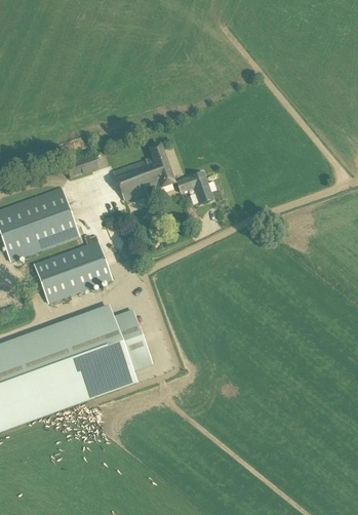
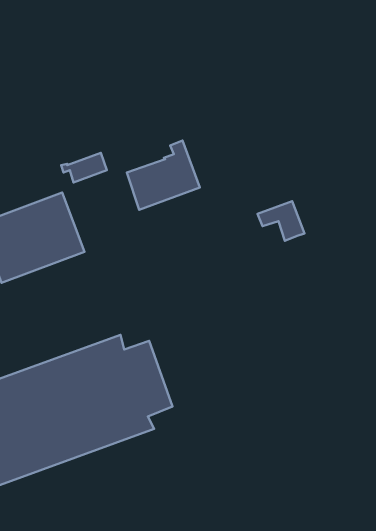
building: [176,170,215,203] -> [258,201,305,241]
building: [33,233,113,303] -> none

